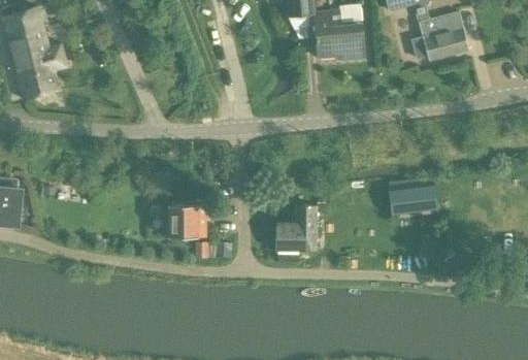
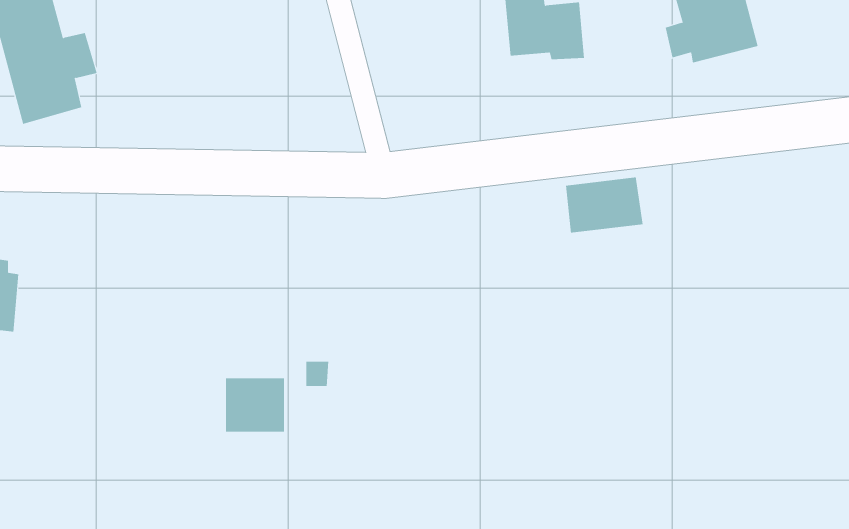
building: [390,183,437,217] -> [565,177,643,233]
building: [170,204,206,237] -> [225,378,285,432]
building: [275,205,317,250] -> none

